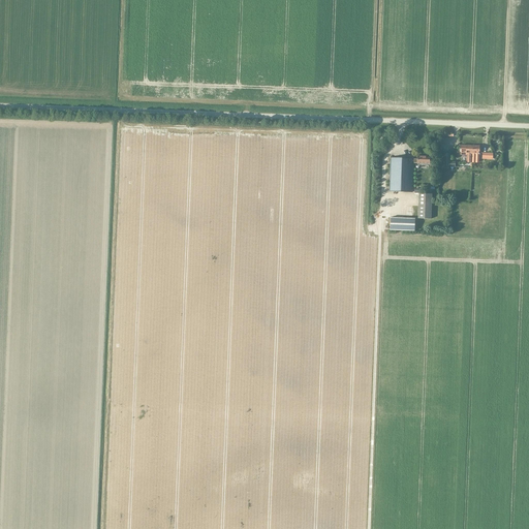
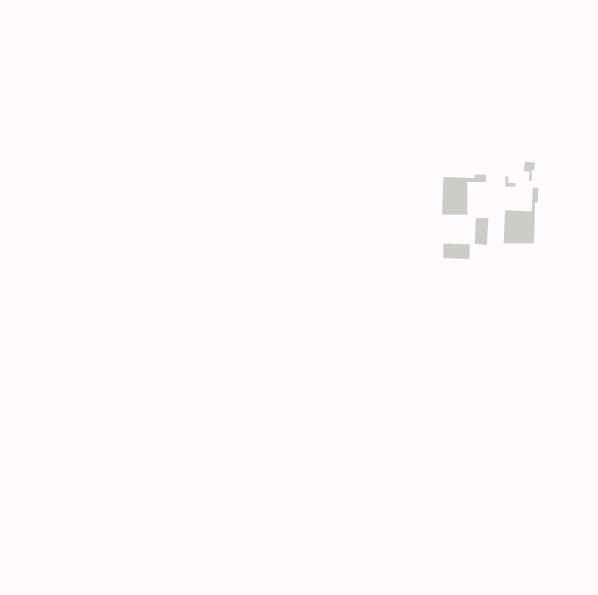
building: none -> [503,187,539,244]

